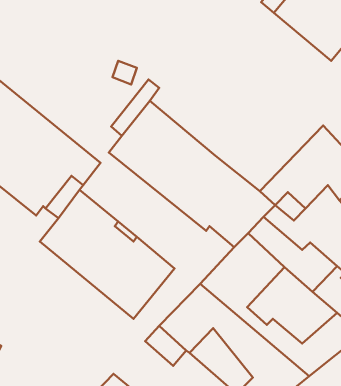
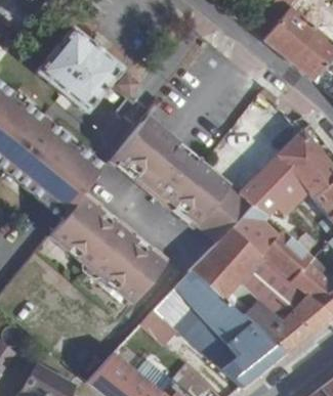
building: none -> [32,30,120,116]

